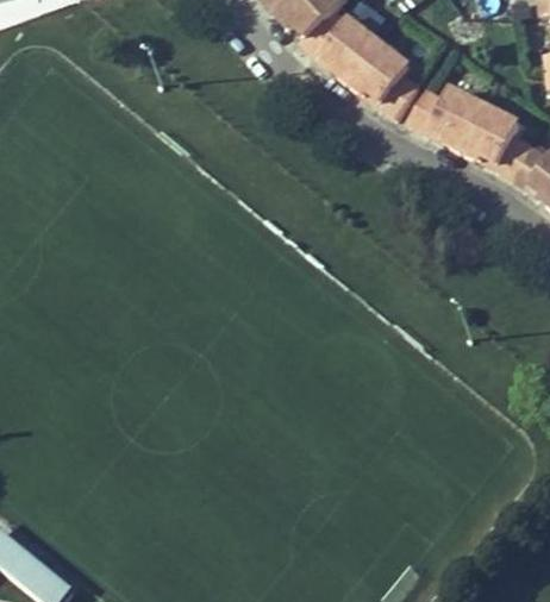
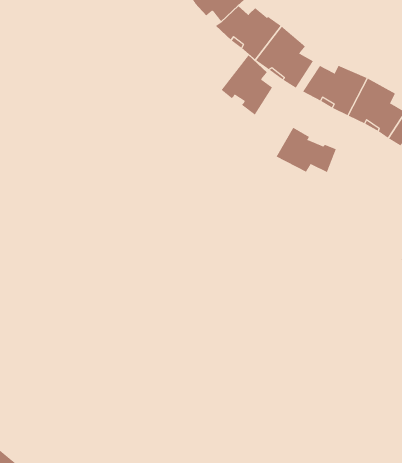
building: none -> [221,54,273,115]
building: none -> [276,127,336,173]

